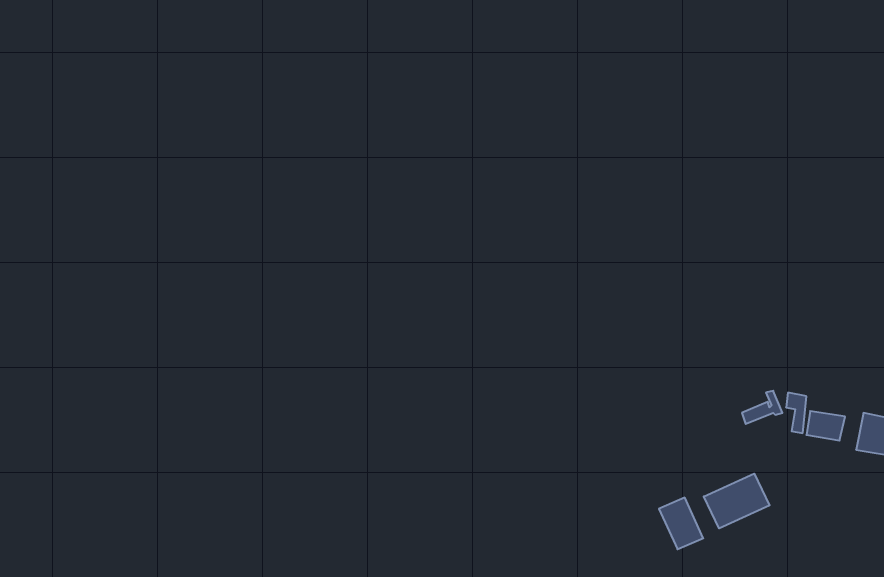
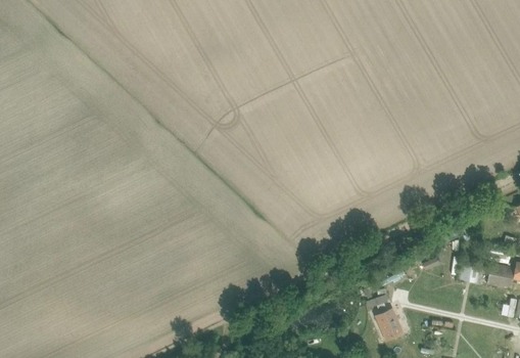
building: [704,474,770,528] -> none

